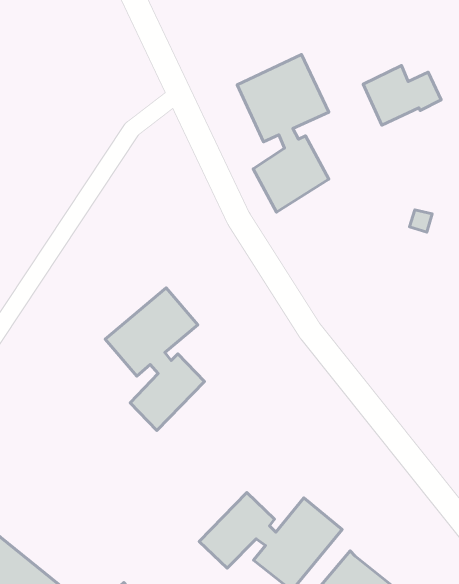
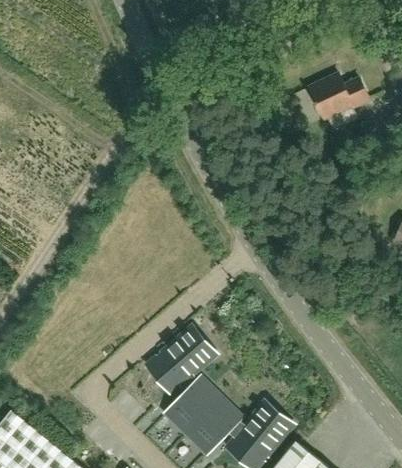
building: [237,54,329,212] -> none
building: [105,288,204,430] -> [146,327,221,435]

